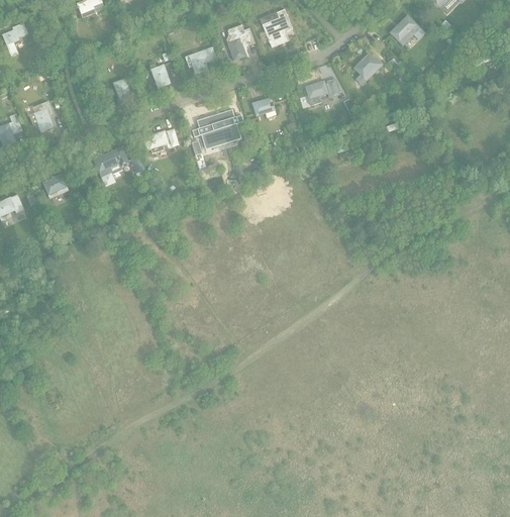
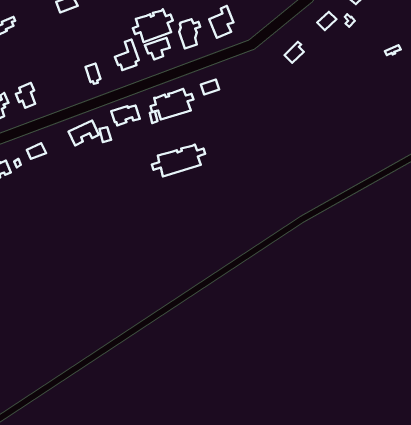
building: none -> [133,9,173,42]
building: [305,78,340,104] -> none
building: none -> [152,144,205,176]

